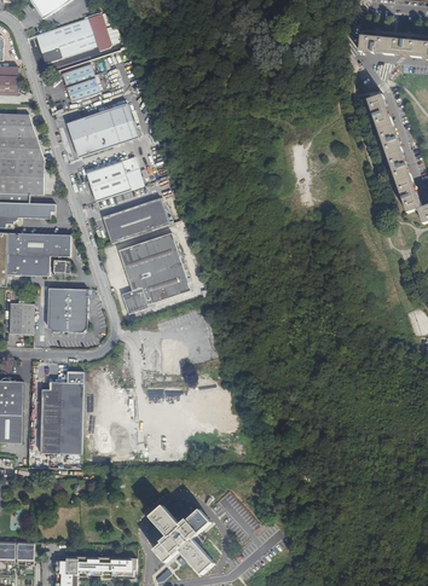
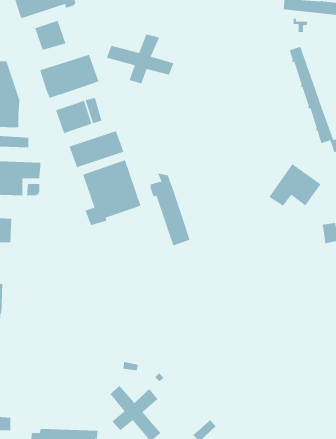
building: none -> [106,34,175,85]
building: none -> [268,163,322,207]
building: none -> [150,172,191,246]
building: [47,286,87,331] -> none
building: [39,370,83,453] -> none

